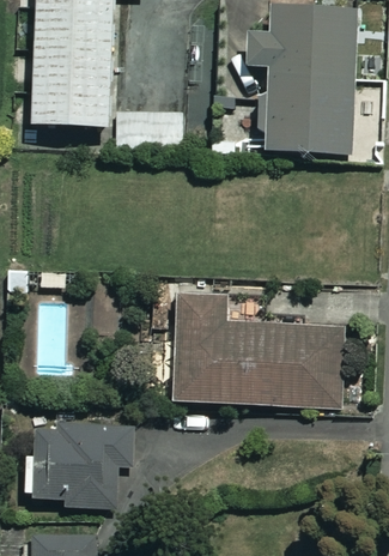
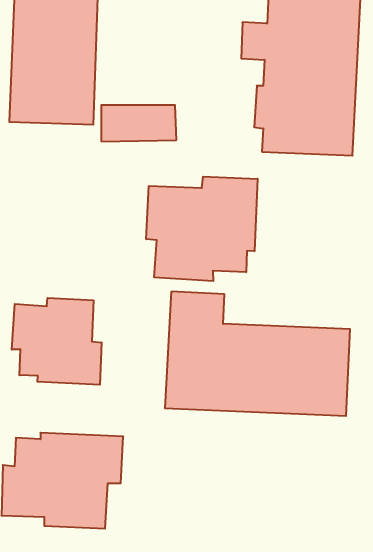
building: none -> [146,177,258,281]
building: none -> [12,298,102,385]

